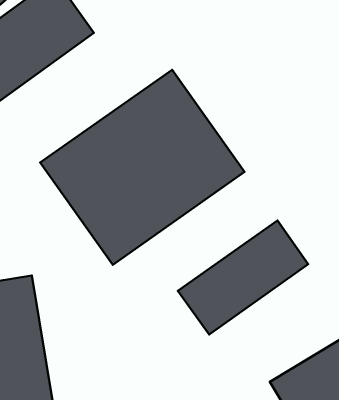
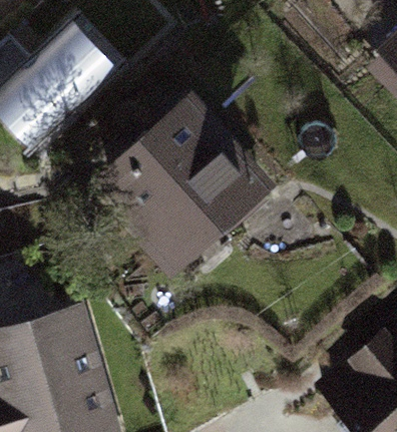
building: [178,221,308,335] -> none

